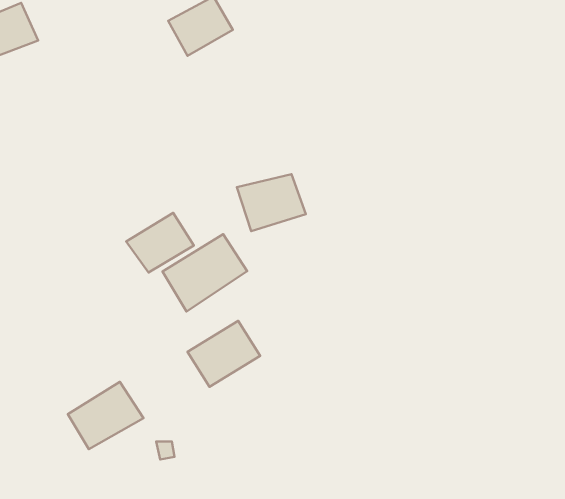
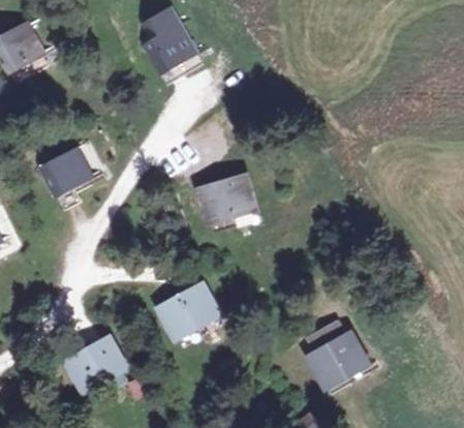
building: [126,213,194,273] -> [41,147,95,194]
building: [162,234,247,312] -> none
building: none -> [308,329,369,392]

